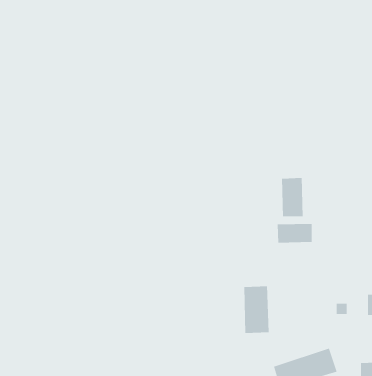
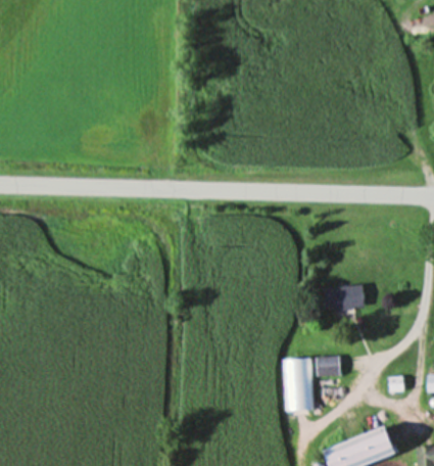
building: [282,177,303,217] -> none
building: none -> [318,357,340,376]

